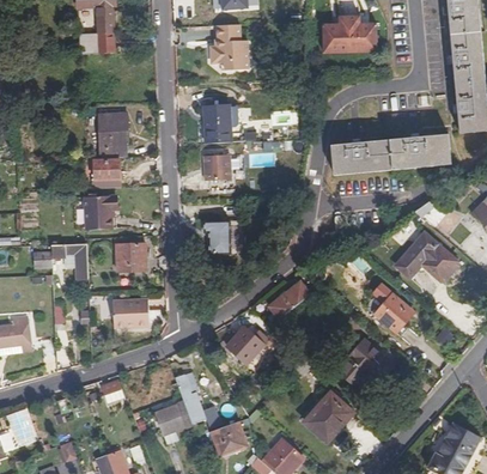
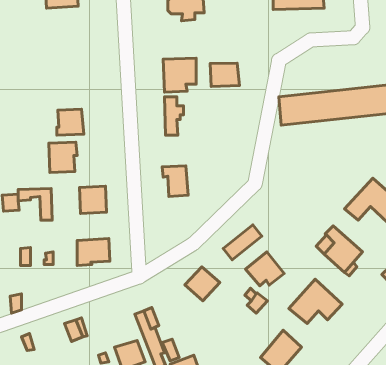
building: none -> [210,63,239,87]
building: [98,111,128,156] -> none
building: none -> [245,252,284,286]

